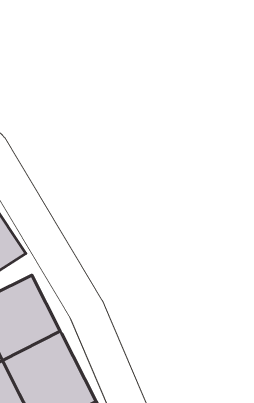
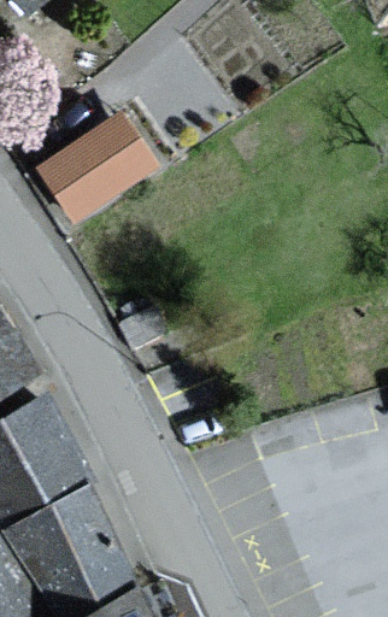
building: none -> [37,116,149,217]

